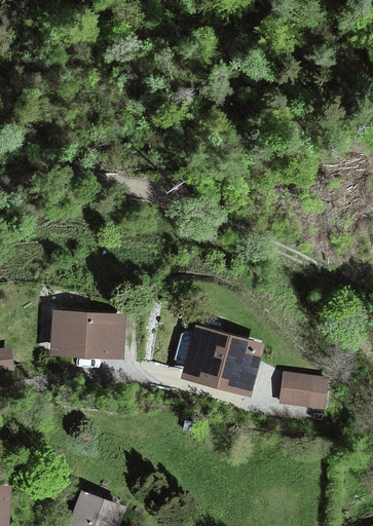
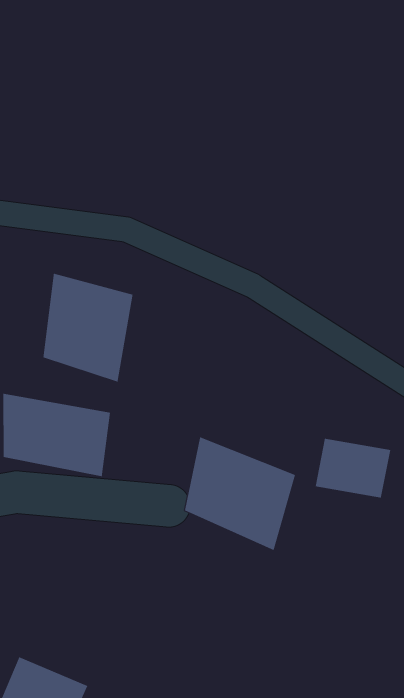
building: none -> [43,273,133,383]
building: [285,368,336,406] -> [315,438,391,498]

